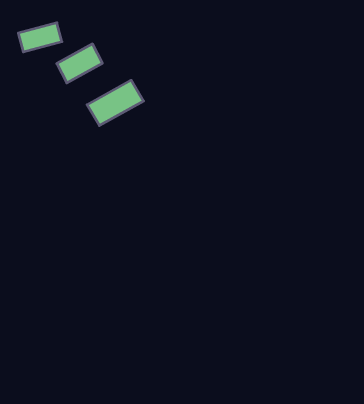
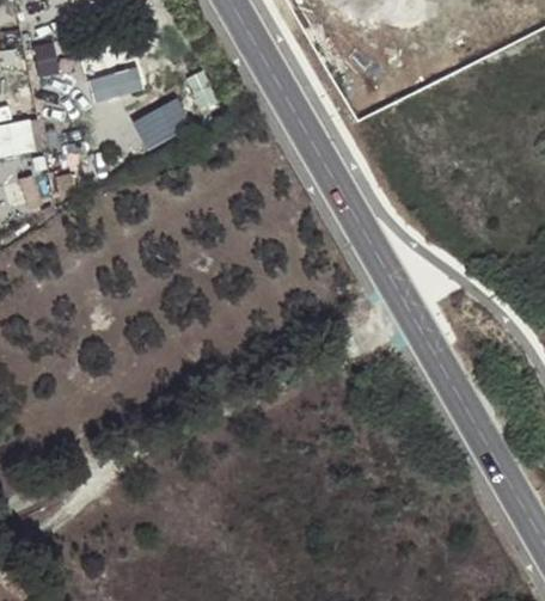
building: [87,80,144,126] -> none

